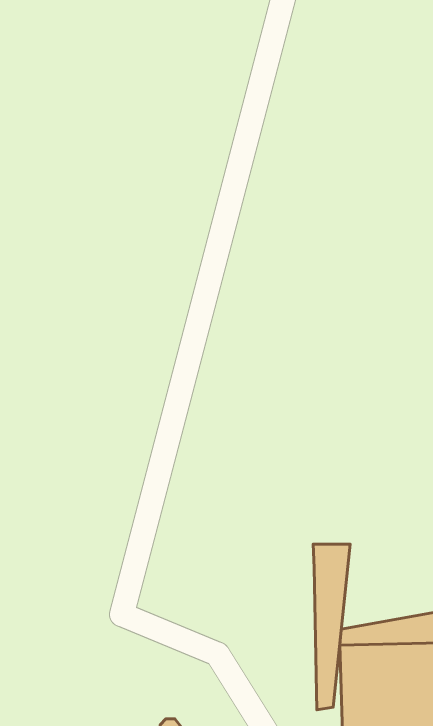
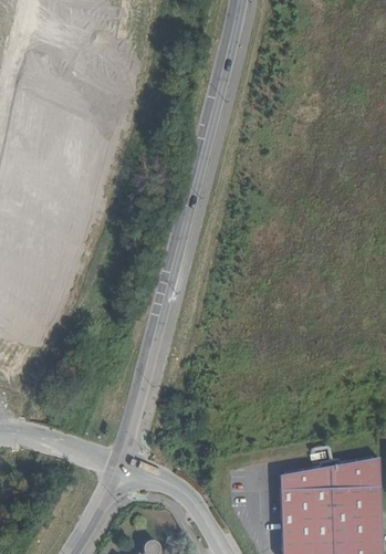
building: [313,544,350,710] -> none

